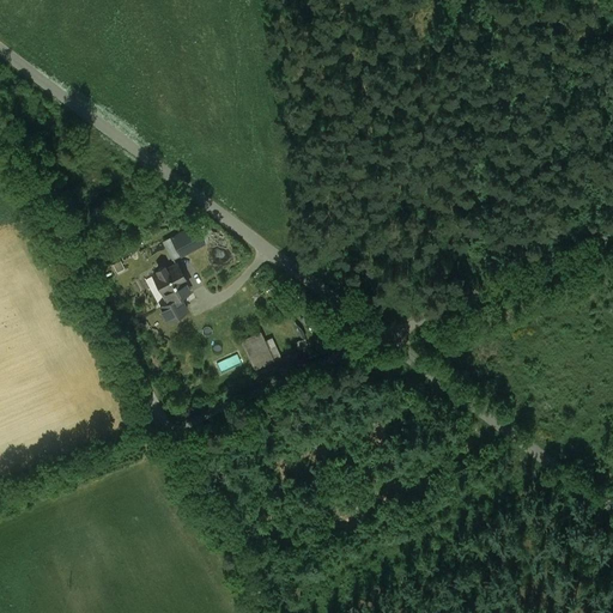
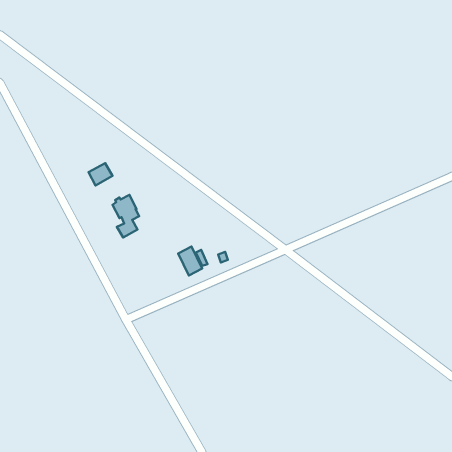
building: [170,227,202,257] -> [88,163,112,185]

